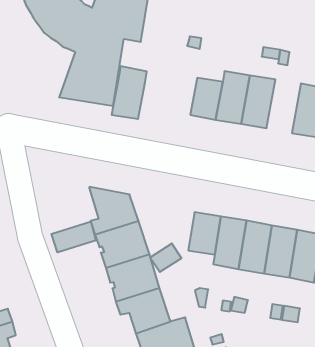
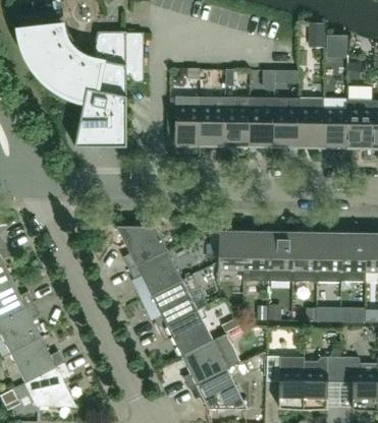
building: [112,66,147,119] -> [174,96,201,142]
building: none -> [273,97,299,144]
building: [51,222,96,252] -> none

